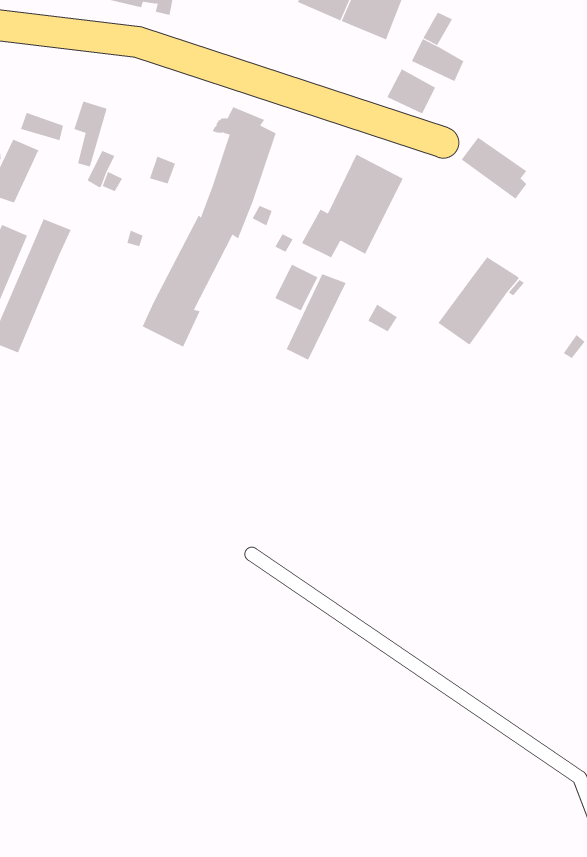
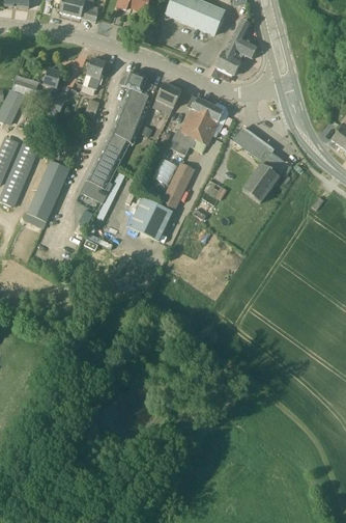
building: none -> [82,58,106,90]
building: none -> [152,83,181,109]
building: [461,137,527,199] -> [233,128,269,162]
building: none -> [28,161,70,221]
building: none -> [128,197,173,242]

